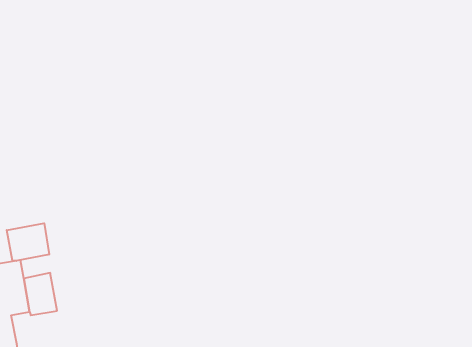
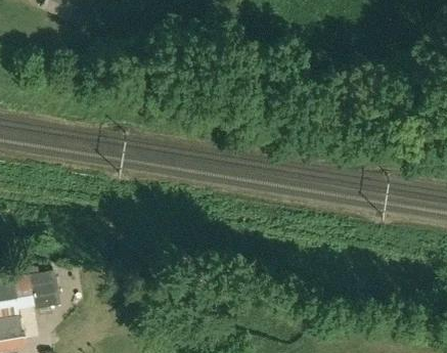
building: [7,223,49,261] -> none

